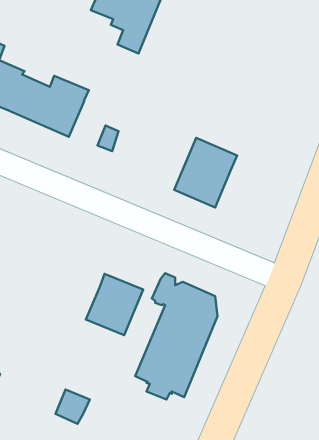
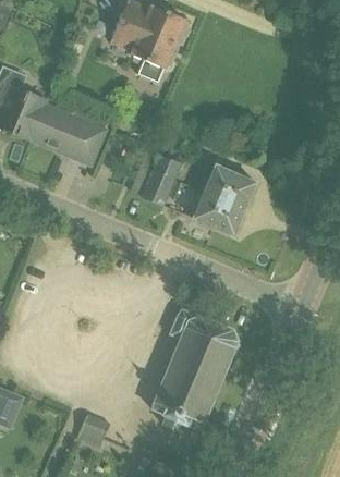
building: none -> [139,156,179,206]
building: [86,274,143,335] -> none

